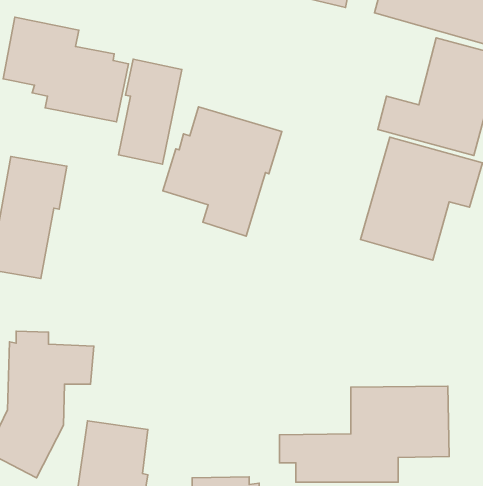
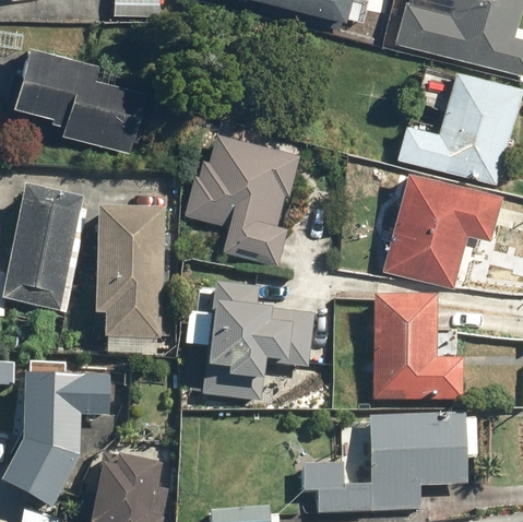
building: [119,59,182,164] -> none
building: none -> [96,205,168,357]
building: none -> [202,283,317,400]
building: none -> [372,295,462,401]

